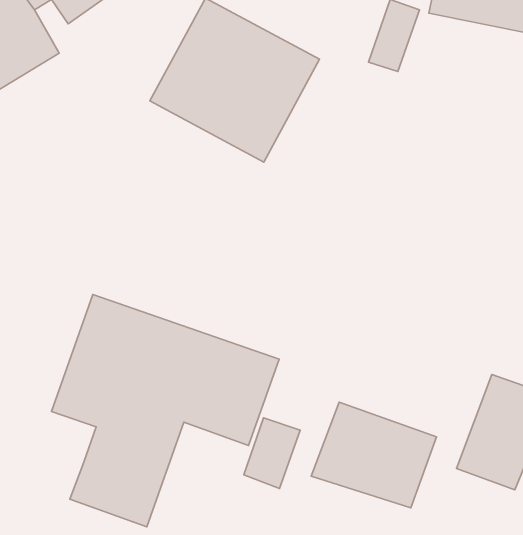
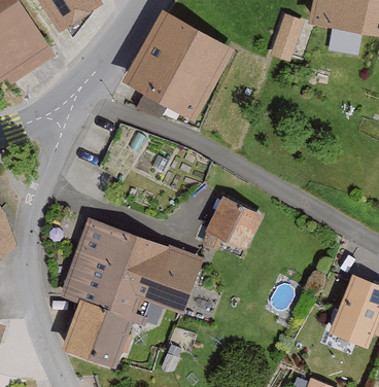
building: none -> [207,196,264,251]
building: [311,402,437,508] -> none
building: [244,418,300,488] -> none

